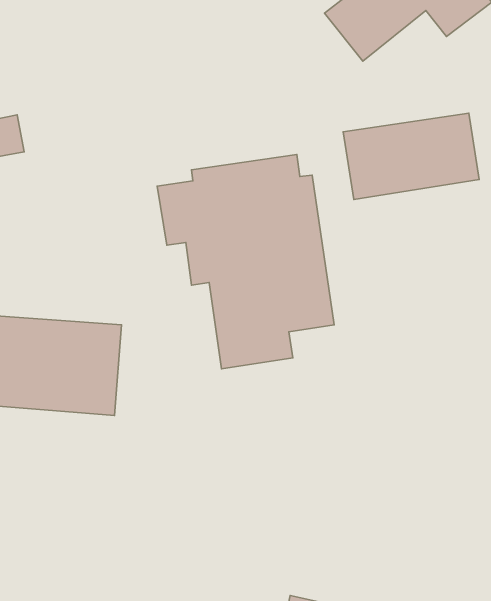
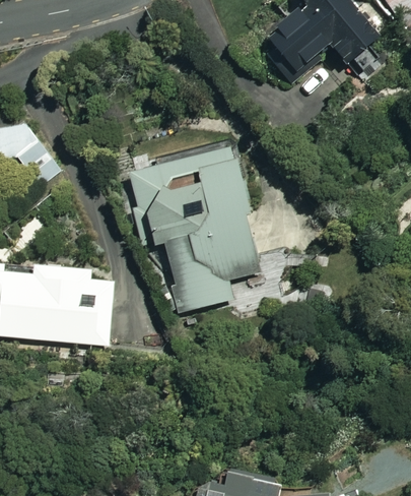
building: [343,113,479,199] -> none

